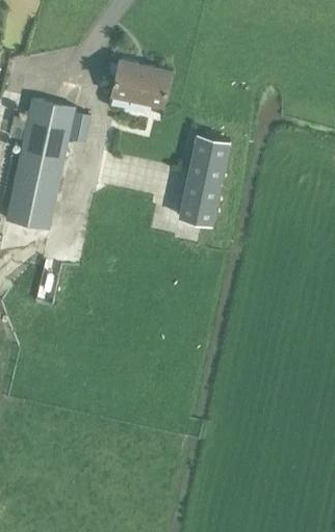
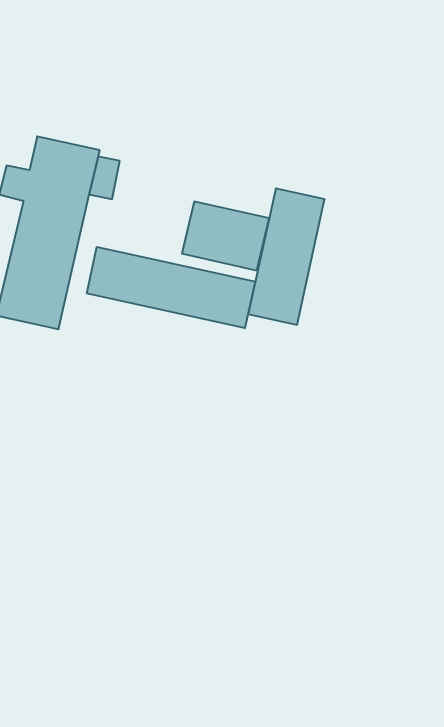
building: [111,61,171,108] -> [182,201,269,270]
building: none -> [87,247,255,328]

